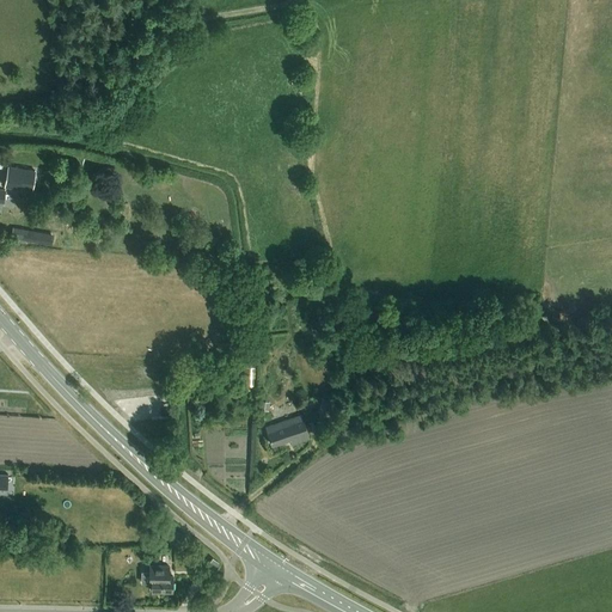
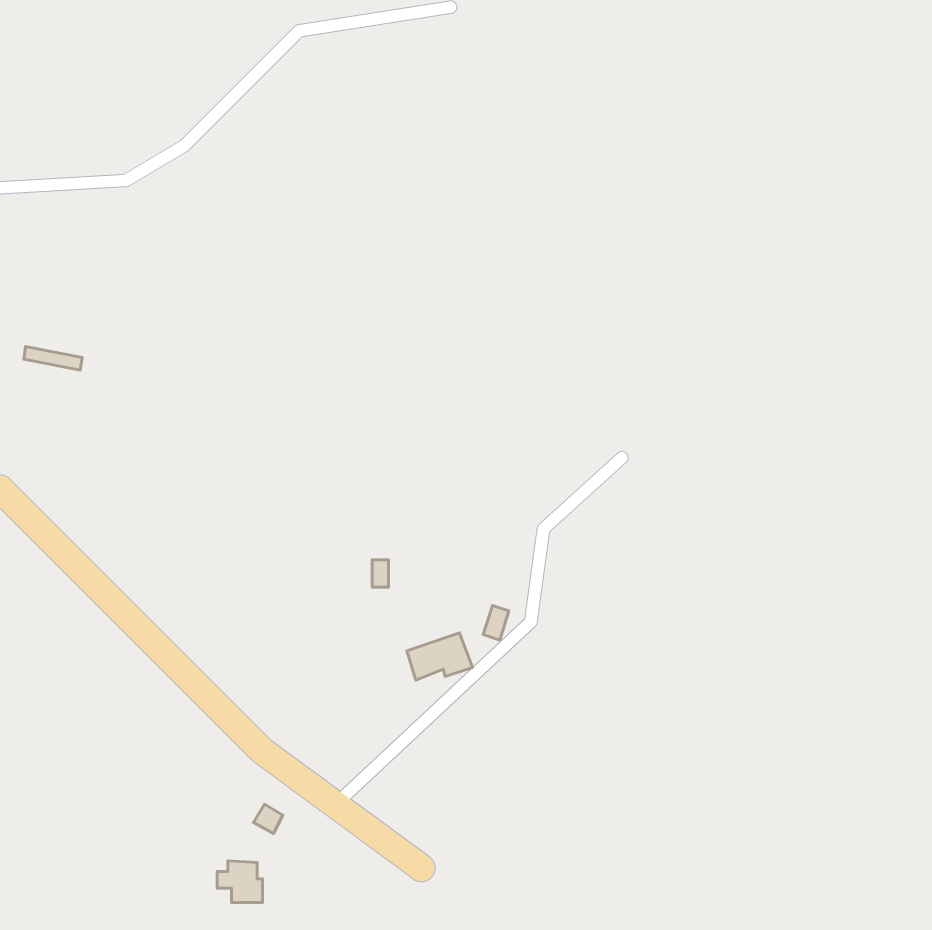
building: [5,167,35,192] -> none

